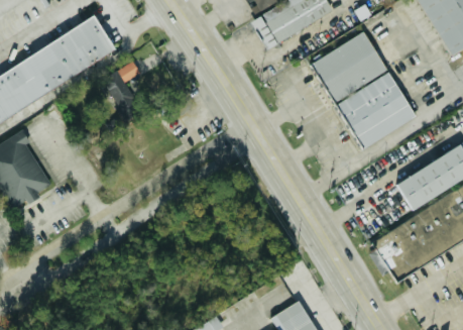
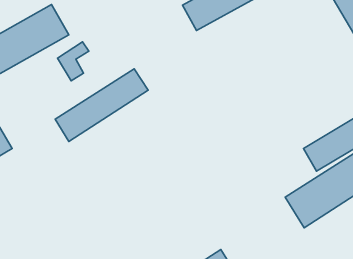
building: [312,32,419,150] -> none
building: none -> [55,69,148,141]

